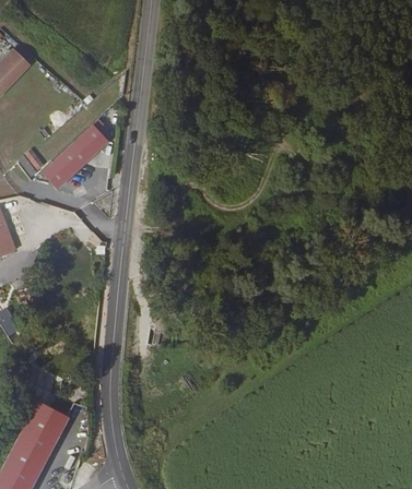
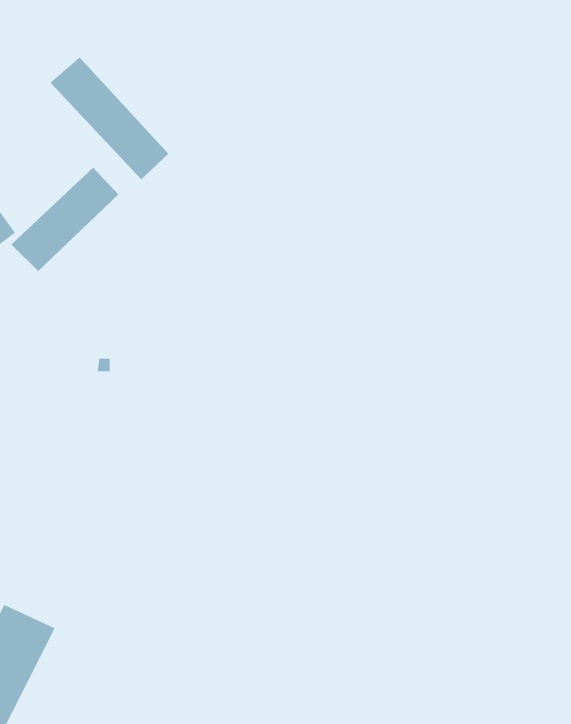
building: none -> [49,56,169,180]

